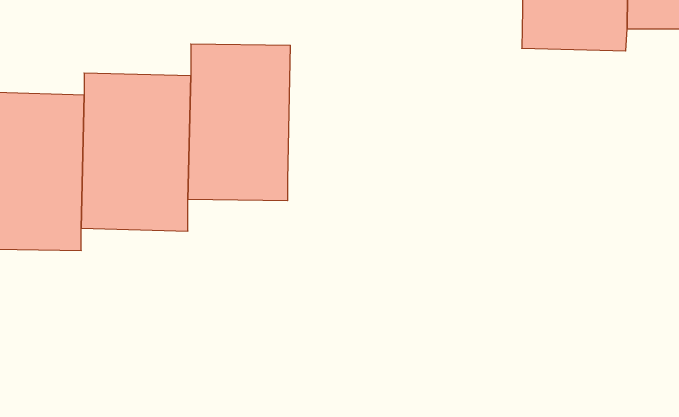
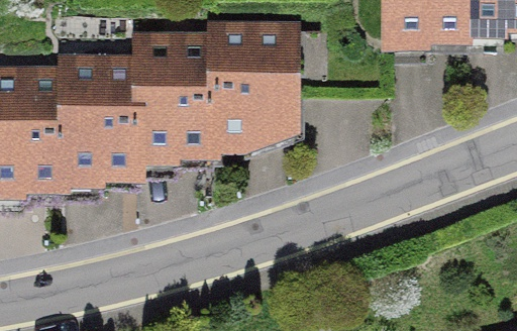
building: none -> [213,28,291,141]

